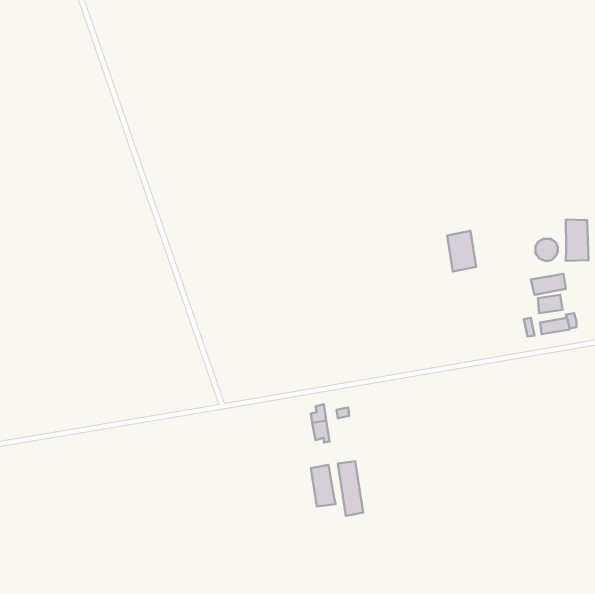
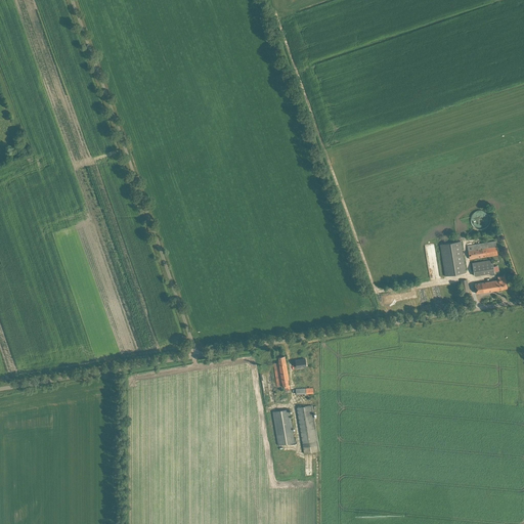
building: [566,220,588,261] -> none
building: [447,231,476,272] -> [440,242,466,277]

